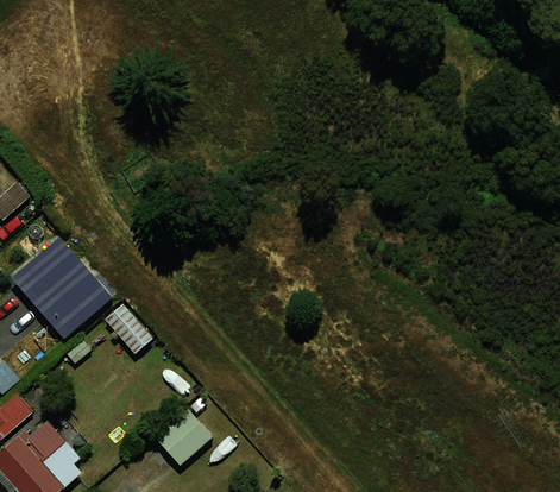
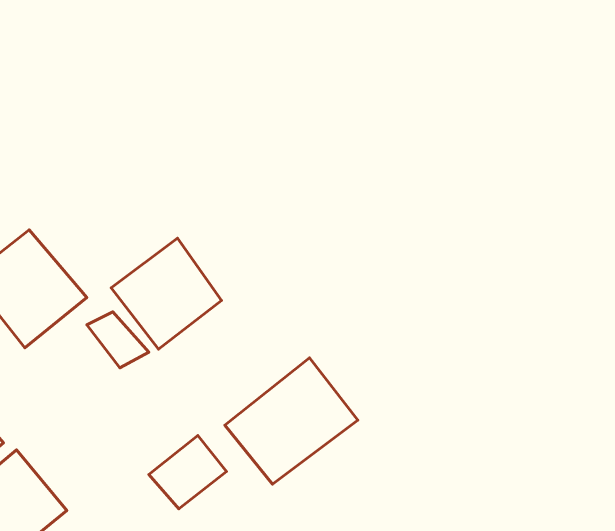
building: none -> [111,238,221,349]
building: none -> [225,358,358,484]

